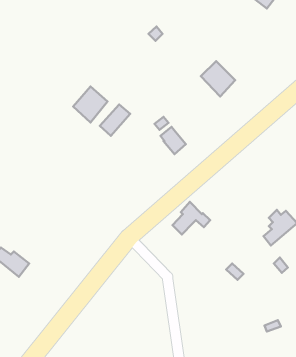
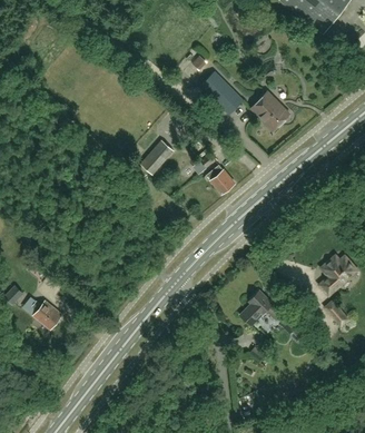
building: none -> [200,71,243,115]
building: [73,87,108,123] -> none
building: [173,202,210,234] -> [239,291,280,326]

